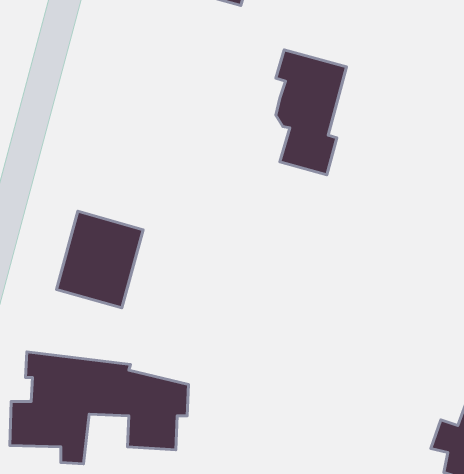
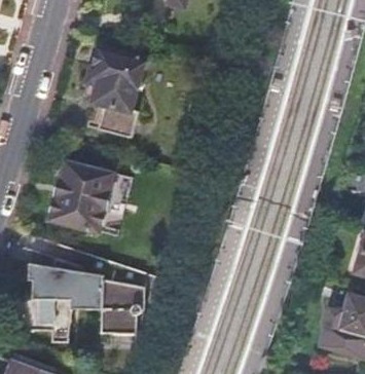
building: [276,50,347,175] -> [93,47,144,138]

